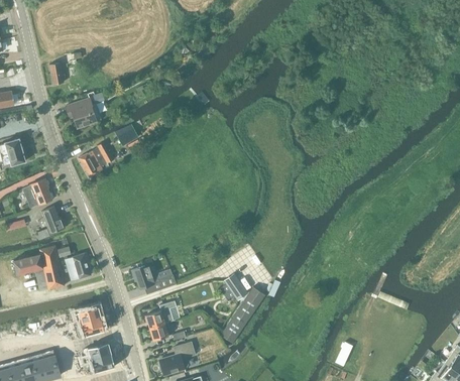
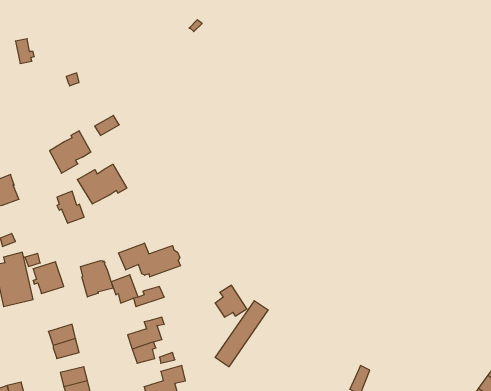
building: [66,98,96,127] -> none
building: none -> [77,164,127,204]
building: [41,206,65,233] -> [57,191,84,223]
building: none -> [118,243,180,277]
building: none -> [80,261,113,297]

